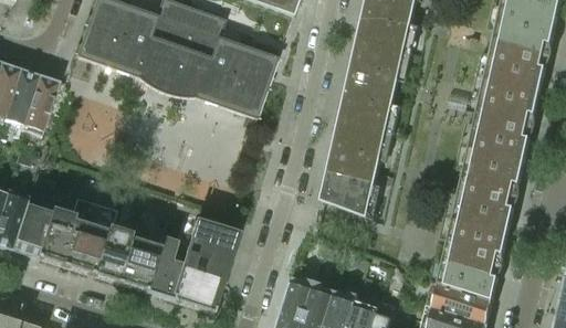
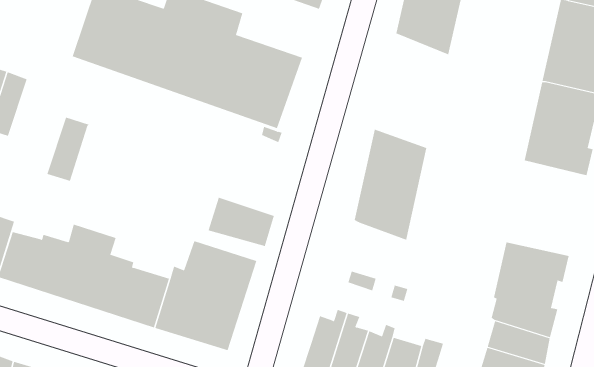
building: [337,35,402,135] -> none
building: [19,75,56,131] -> [46,117,90,182]
building: [452,146,523,229] -> none
building: none -> [208,197,274,247]

